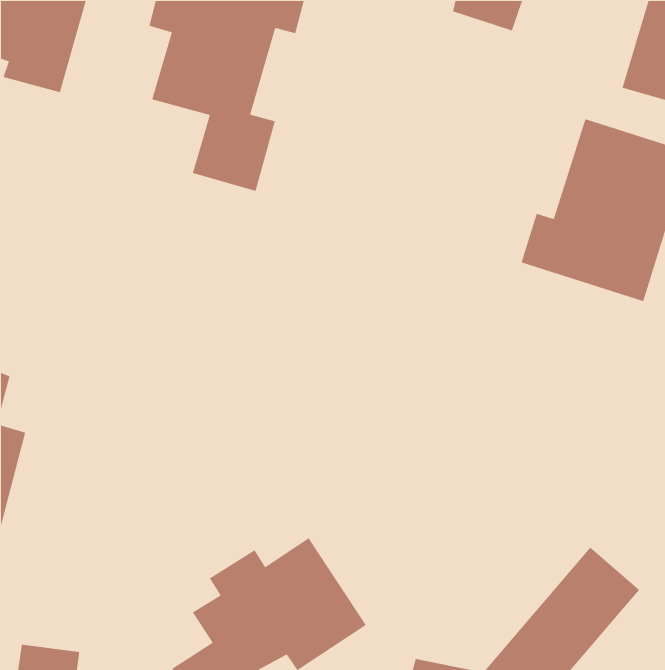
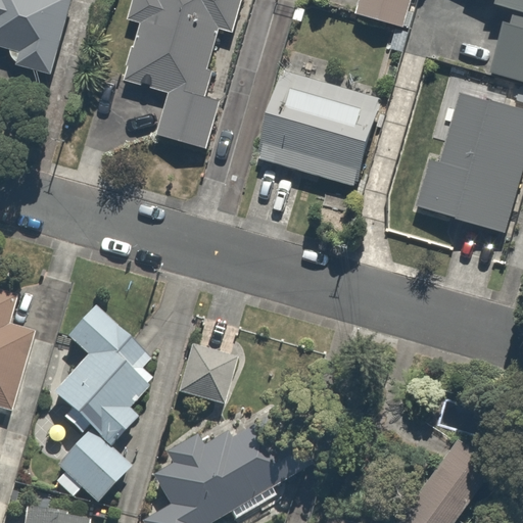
building: none -> [264,69,381,182]
building: none -> [47,301,153,503]
building: none -> [177,323,238,414]

